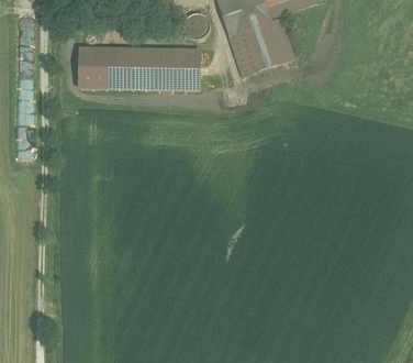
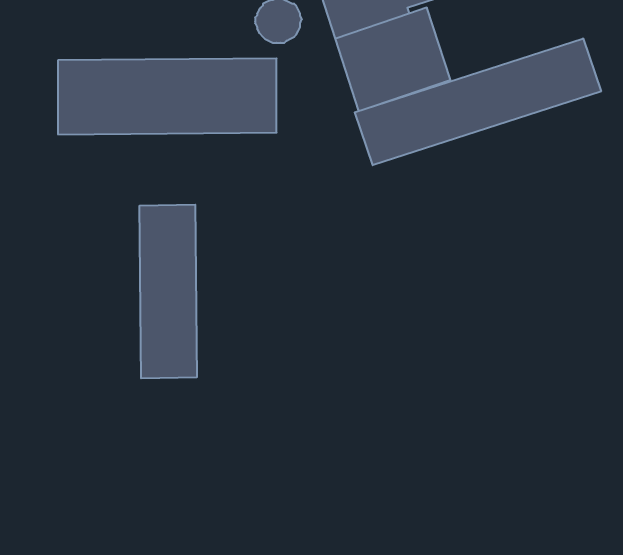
building: none -> [355,38,601,165]
building: none -> [140,205,197,378]

